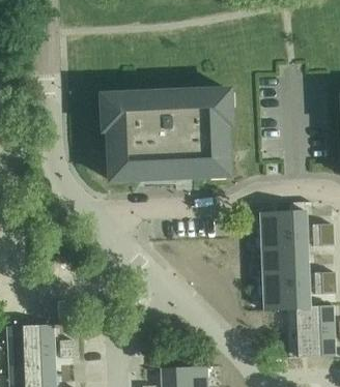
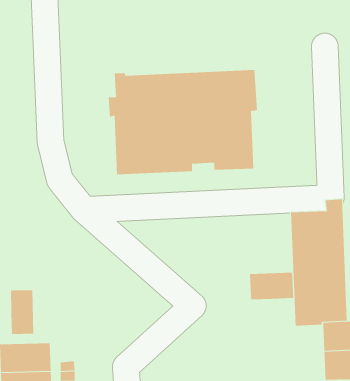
building: none -> [250,272,294,300]
building: none -> [10,289,34,335]

